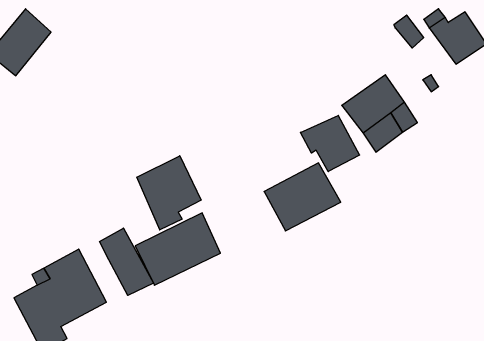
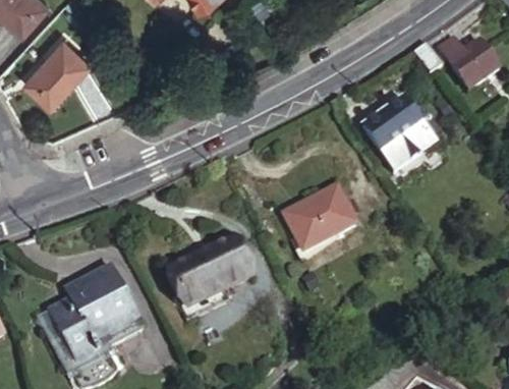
building: [300,115,360,172] -> none
building: [137,156,201,230] -> none
building: [100,228,153,295] -> none

